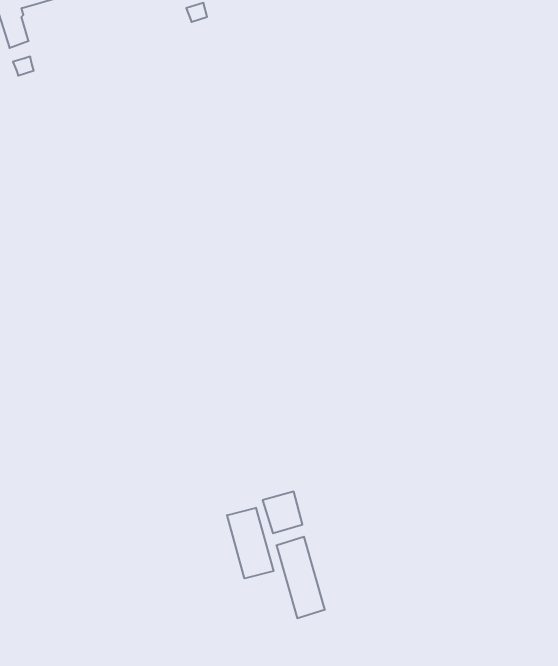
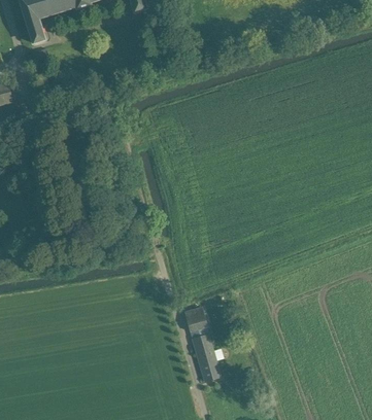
building: [227,508,274,578] -> none

